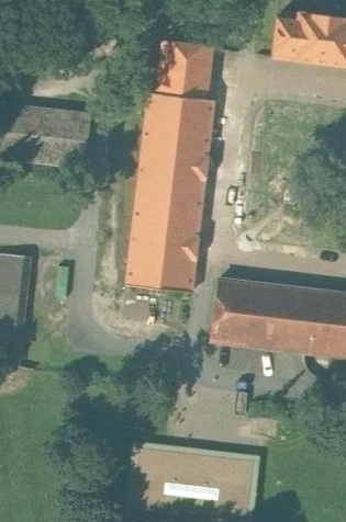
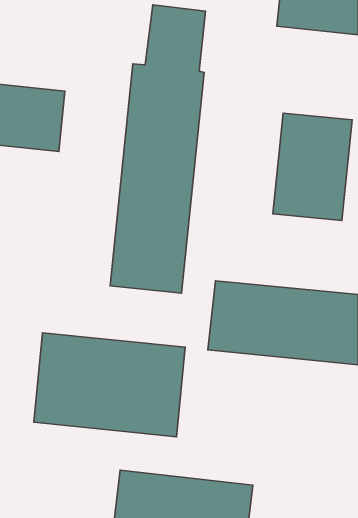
building: none -> [273,113,352,220]
building: none -> [34,333,185,437]

